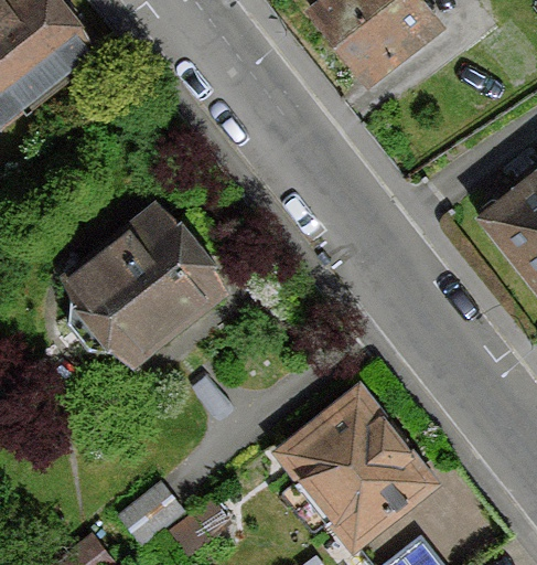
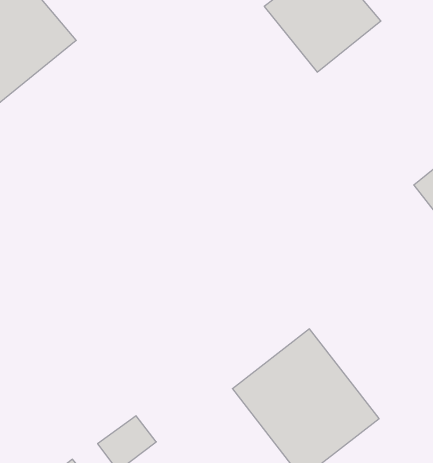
building: [58,201,227,369] -> none

